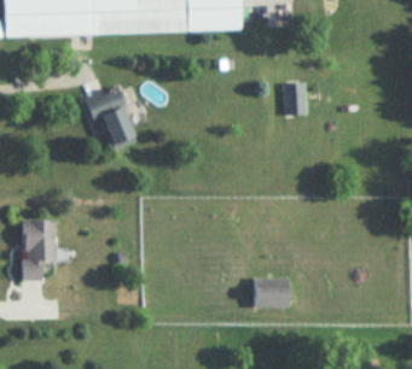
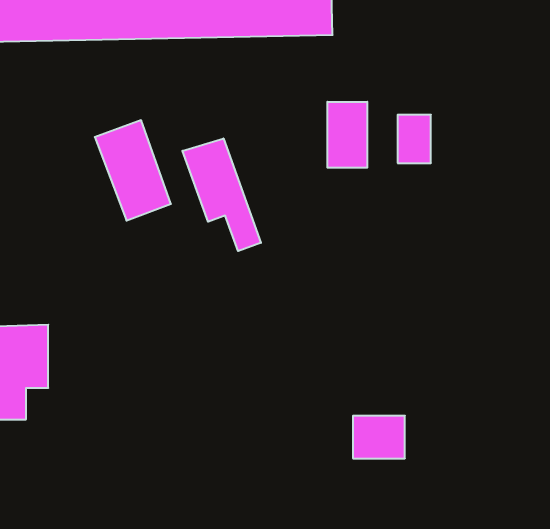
building: none -> [327,102,367,168]
building: none -> [182,138,261,251]

